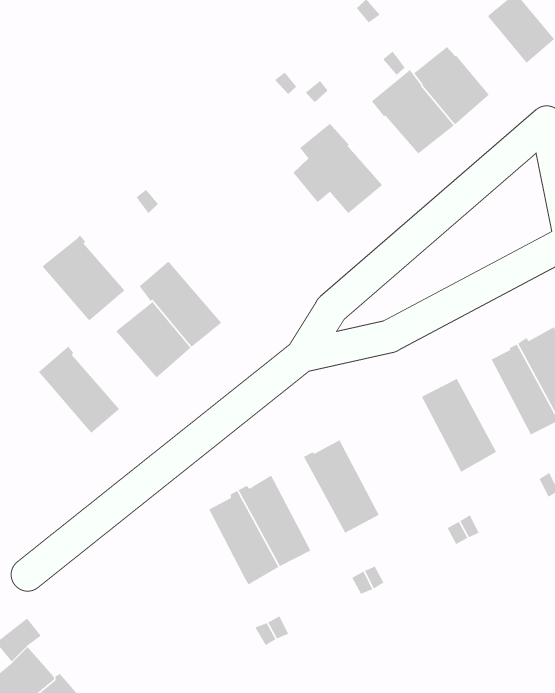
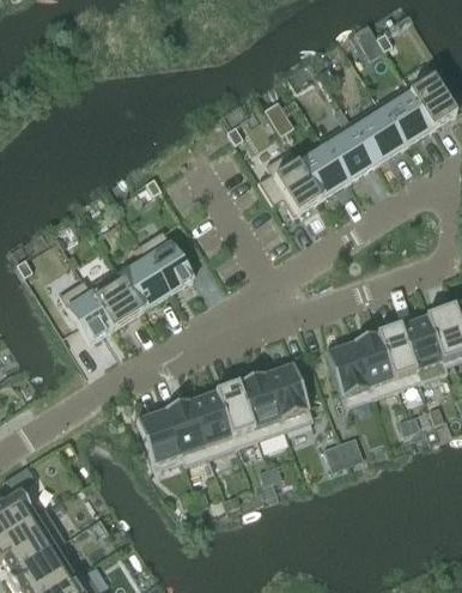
building: none -> [377,83,433,145]
building: none -> [300,150,348,198]
building: [42,234,126,321] -> [86,266,142,328]
building: none -> [353,331,399,397]
building: none -> [265,362,314,429]
building: none -> [213,380,259,447]
building: none -> [136,407,183,468]

